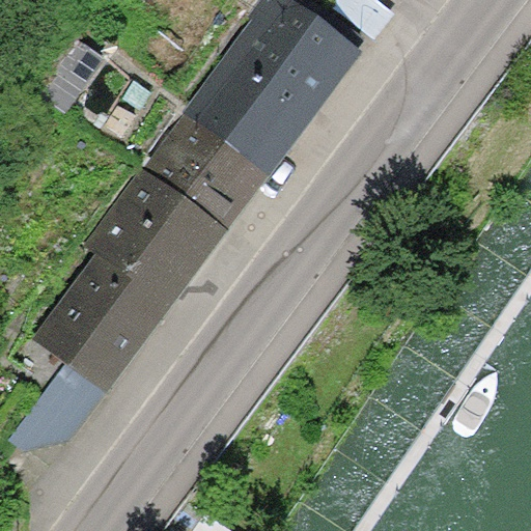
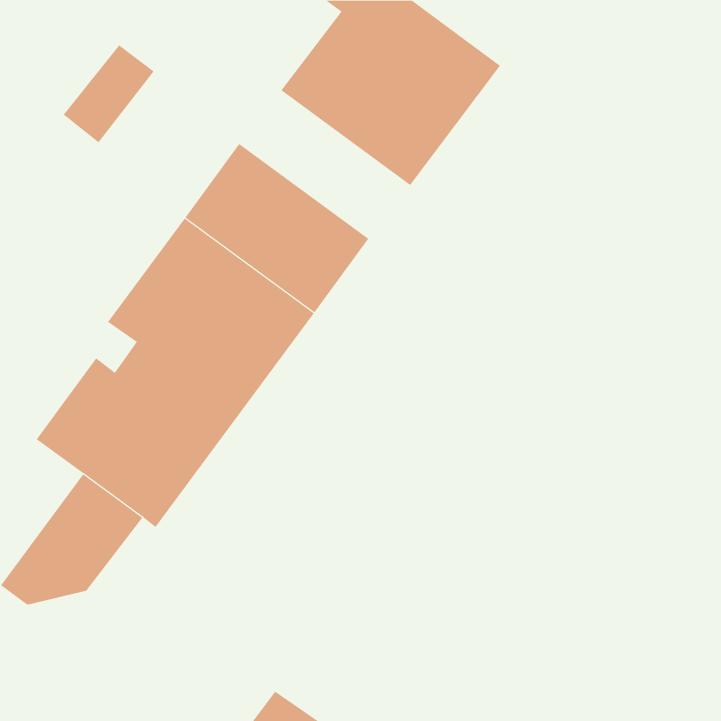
building: [173,73,298,180] -> none

